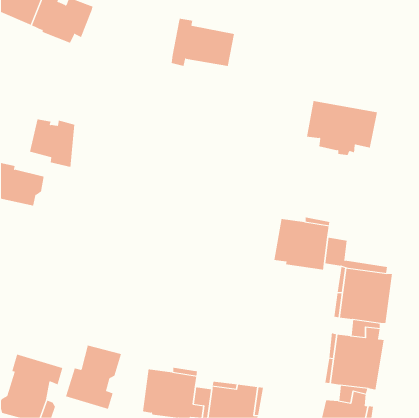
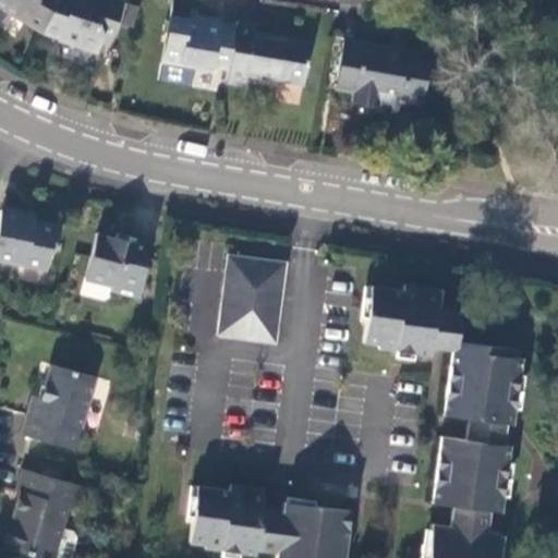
building: none -> [163,16,238,74]
building: [306,101,378,156] -> [336,44,430,117]
building: [29,119,75,167] -> [87,233,148,298]
building: none -> [217,254,288,342]
building: [65,345,122,410] -> [22,366,97,452]

